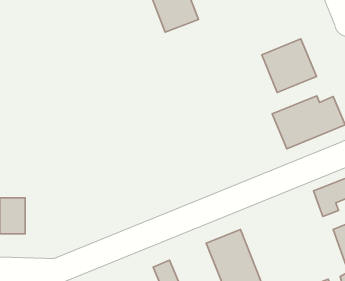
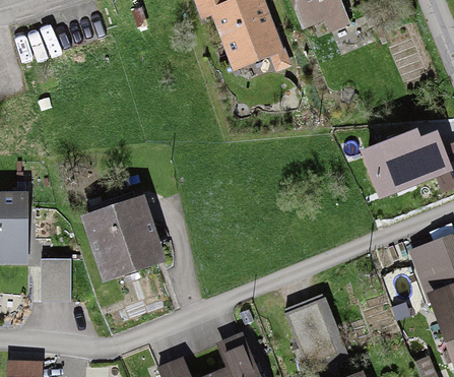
building: [262,39,316,92] -> none
building: none -> [91,205,155,271]

